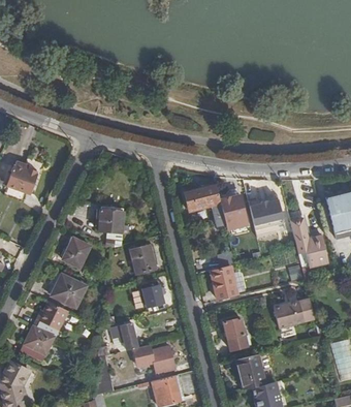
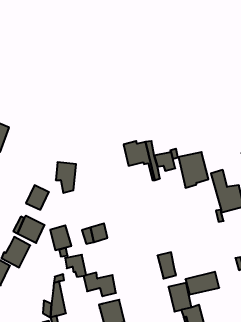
building: [130,242,156,272] -> [50,225,71,250]
building: [211,265,237,301] -> none
building: [274,300,315,327] -> [185,272,219,295]

